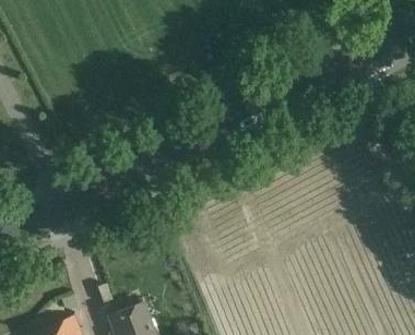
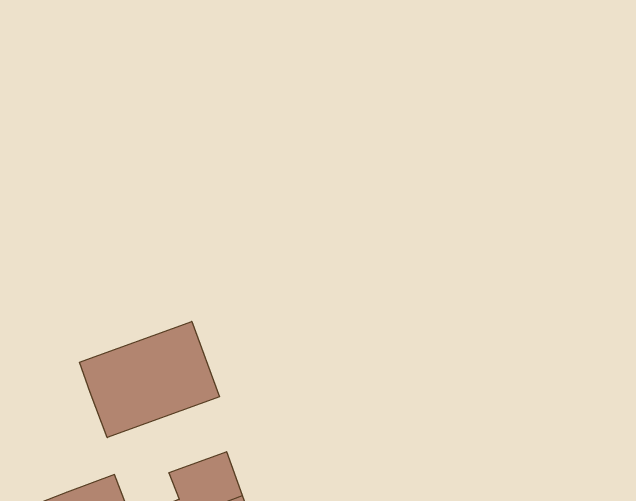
building: none -> [79,321,220,438]

